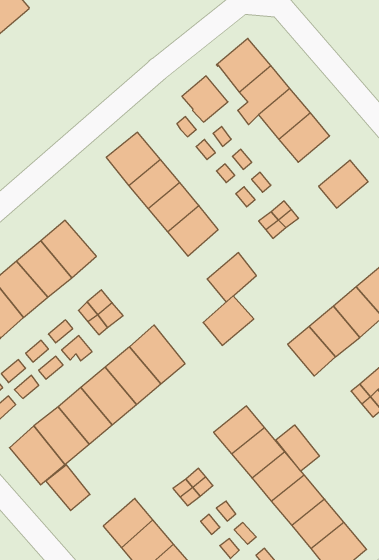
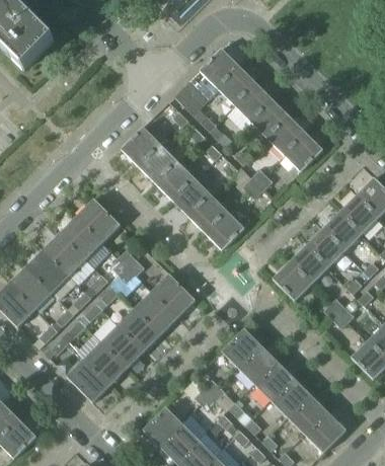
building: none -> [268,118,308,157]
building: [203,296,254,345] -> [190,197,229,235]
building: [276,425,319,471] -> none
building: [46,465,90,511] -> none

